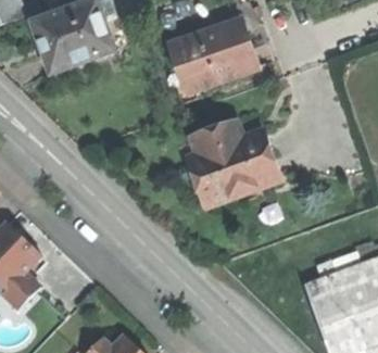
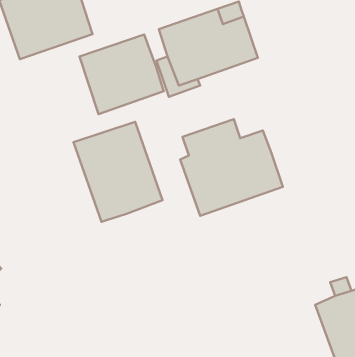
building: none -> [80,34,164,114]
building: none -> [73,122,162,222]

